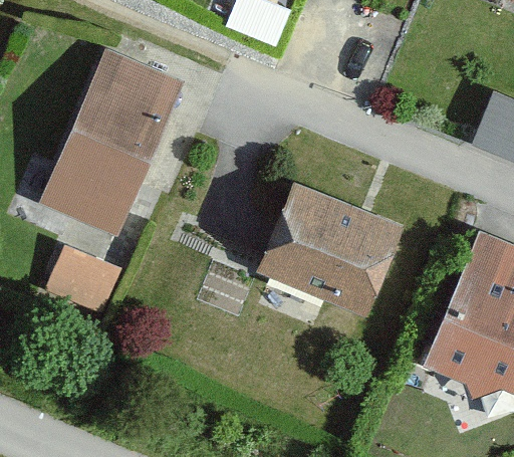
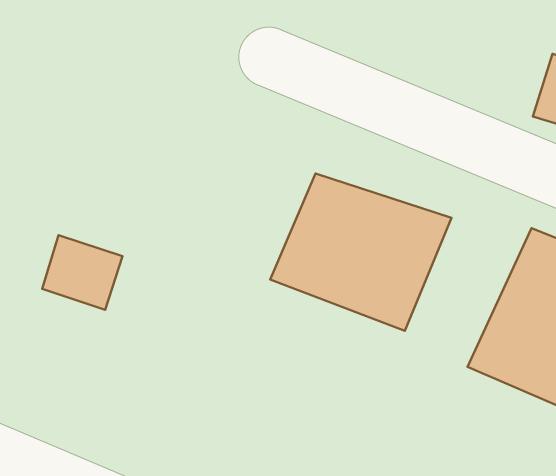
building: [39,53,184,238] -> none

